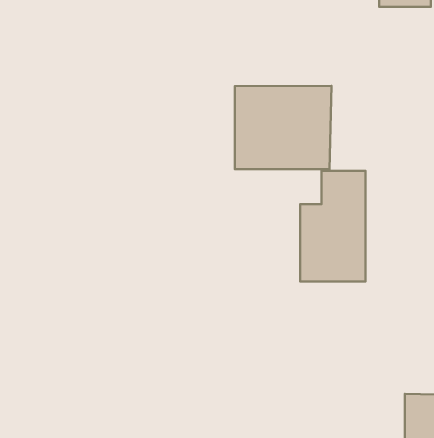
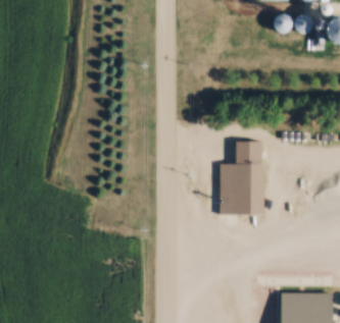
building: [235,86,331,169] -> none

